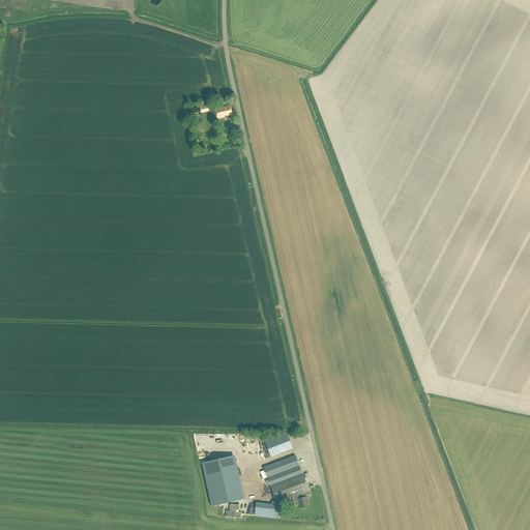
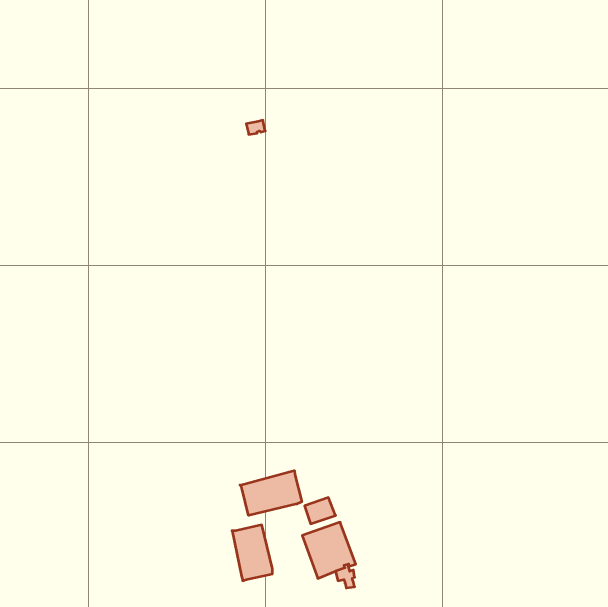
building: none -> [240,471,302,515]

